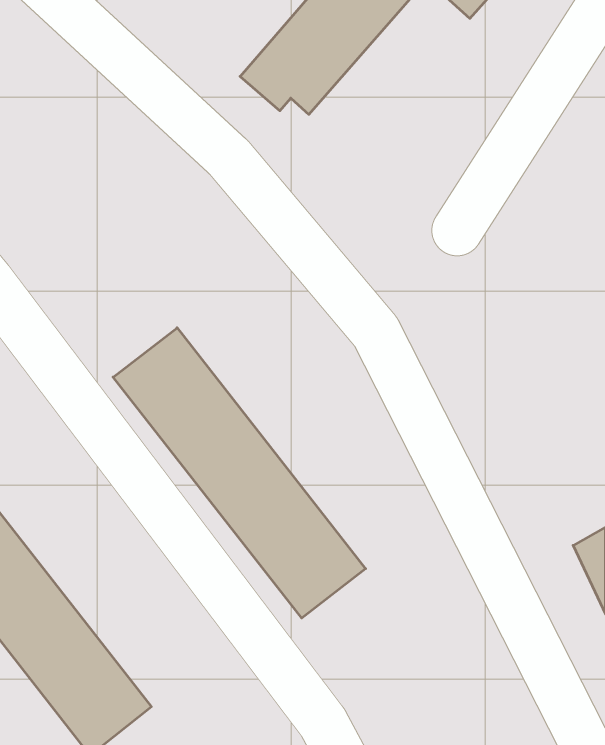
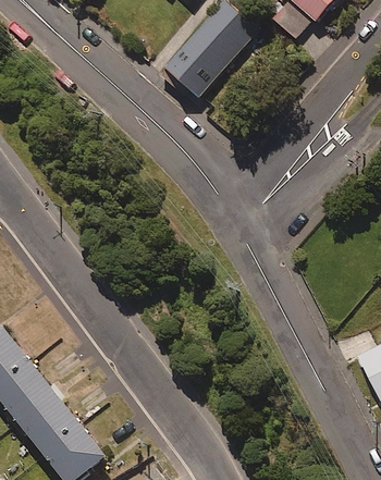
building: [113,328,366,618] -> none

